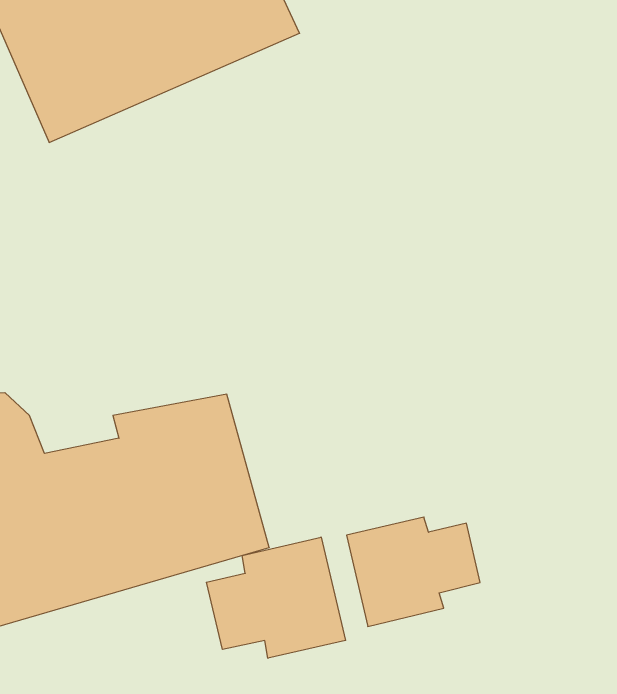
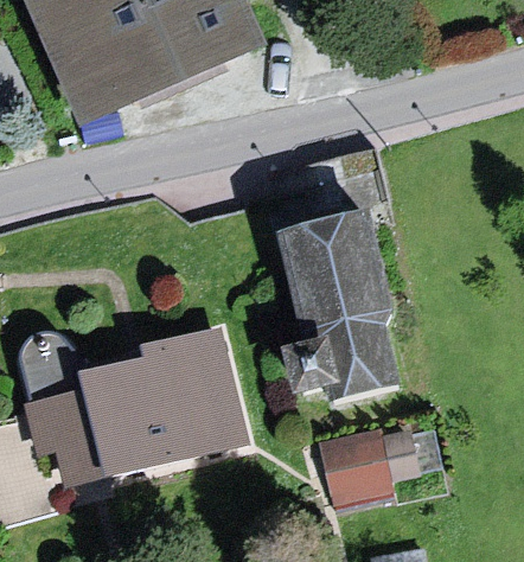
building: none -> [276,205,401,396]
building: [206,537,346,658] -> none

